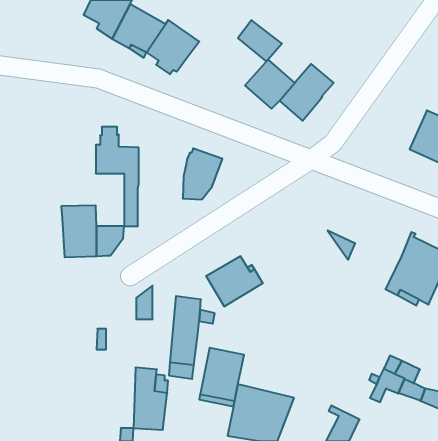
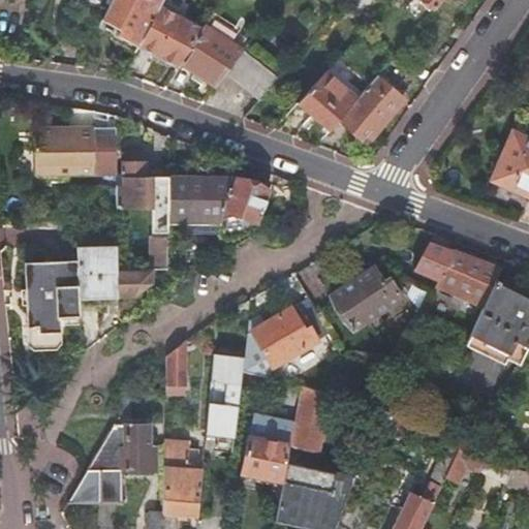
building: [238,20,282,62] -> [225,50,278,99]
building: none -> [35,128,117,174]
building: none -> [169,182,230,221]
building: none -> [415,242,500,306]
building: none -> [25,261,82,349]
building: none -> [330,267,402,330]
building: none -> [291,387,331,450]
building: none -> [69,426,156,504]

